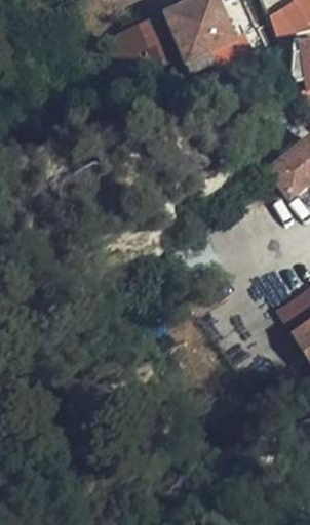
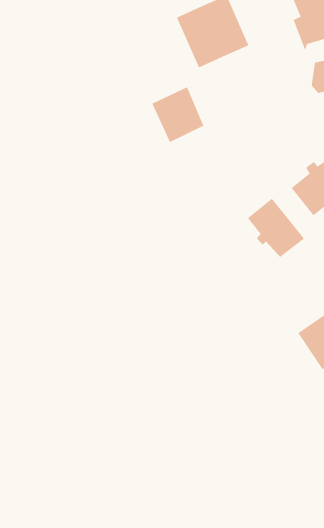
building: [125,21,173,72] -> [151,87,204,143]
building: none -> [247,198,305,258]

